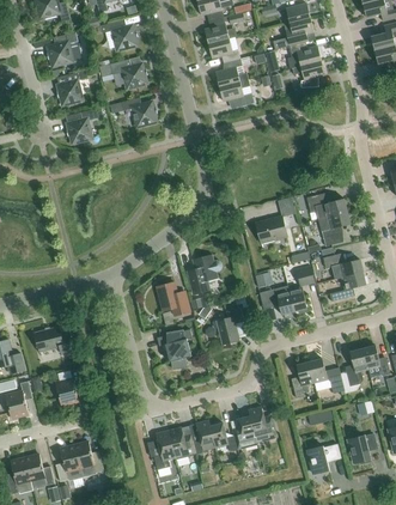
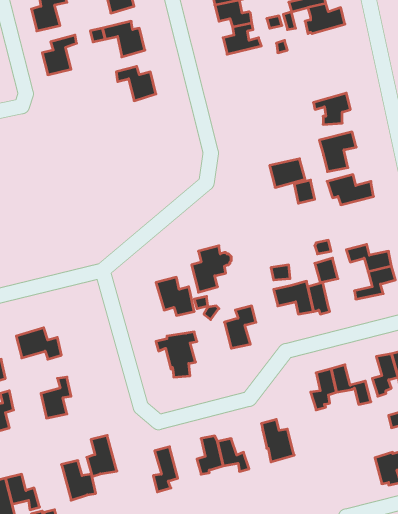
building: [292,60,324,87] -> [313,93,350,124]
building: [218,79,254,108] -> none
building: [66,107,102,142] -> none
building: [317,211,349,245] -> [319,132,356,172]
building: [255,217,286,242] -> [270,159,305,187]
building: [232,415,257,449] -> none
building: [167,426,195,460] -> none
building: [306,443,340,473] -> none
building: [55,445,81,481] -> [87,435,117,476]

